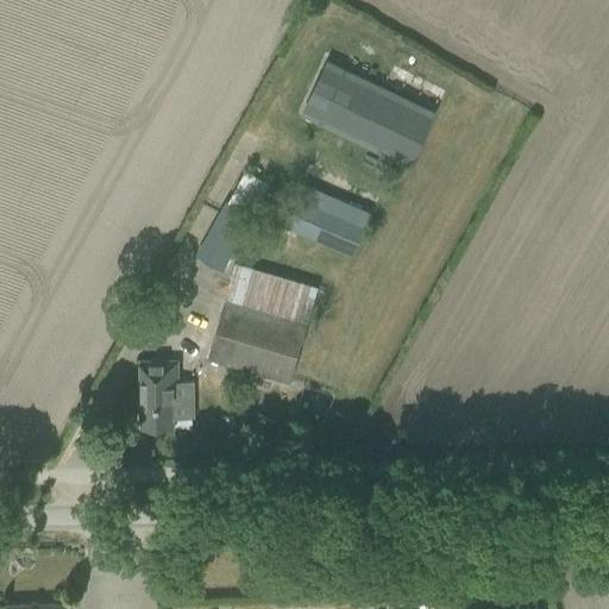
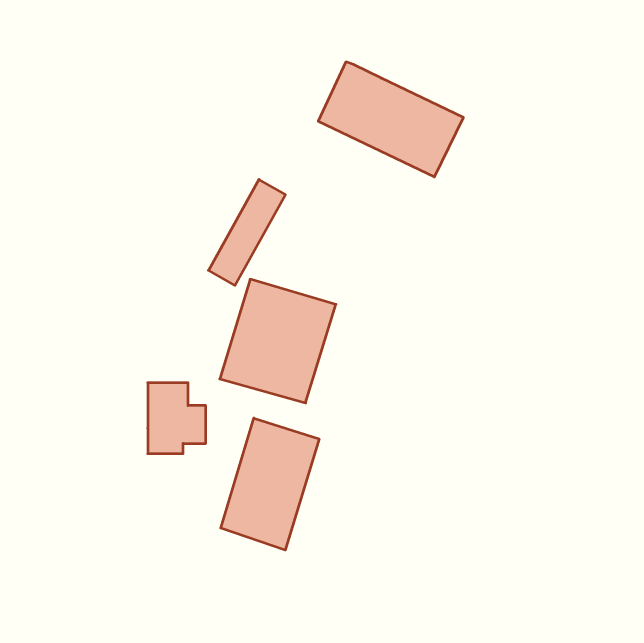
building: [287,199,365,258] -> none
building: none -> [221,418,319,550]

